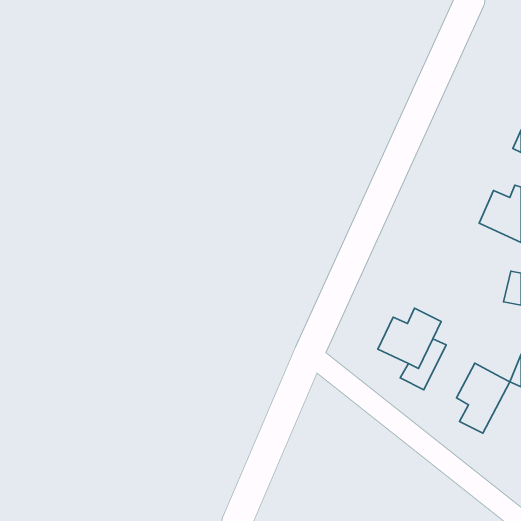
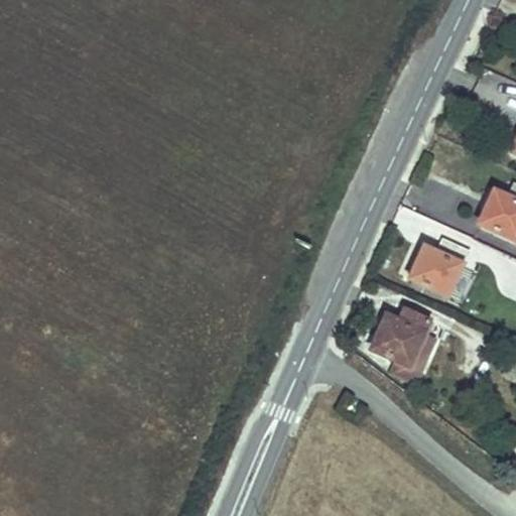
building: none -> [407,240,467,292]
building: [457,363,510,433] -> none

